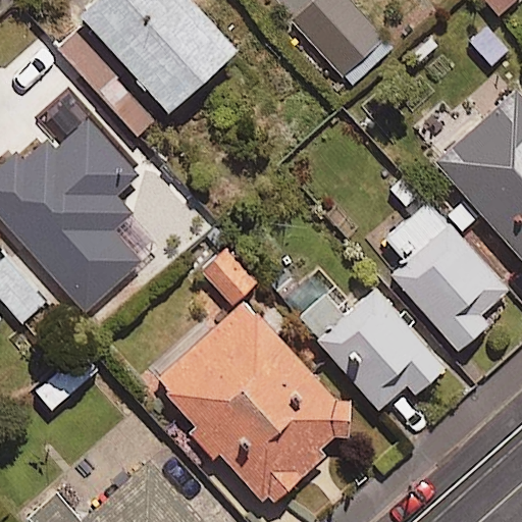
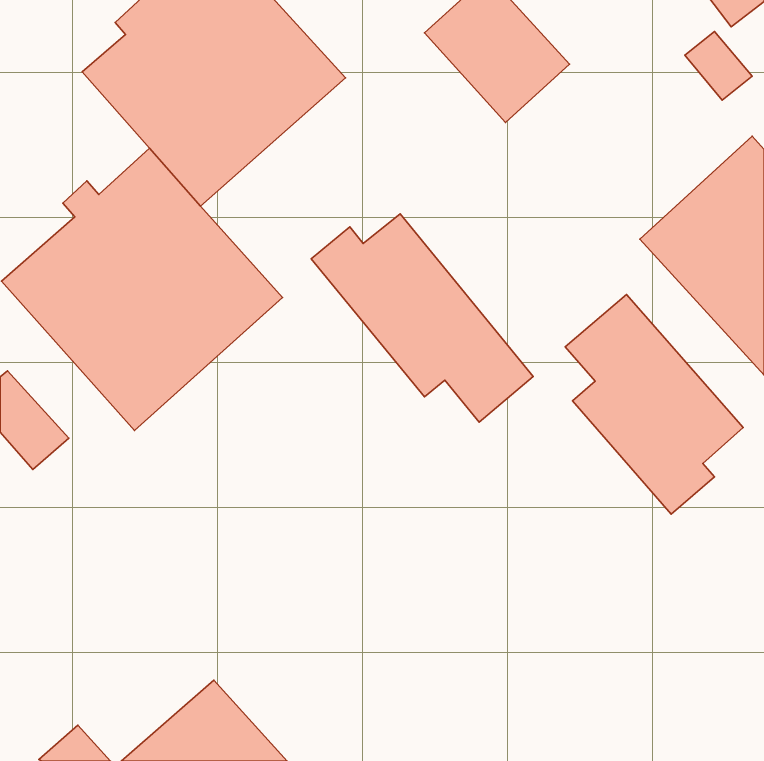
building: none -> [311,214,533,422]
building: [298,290,442,410] -> none
building: [153,302,350,508] -> none

